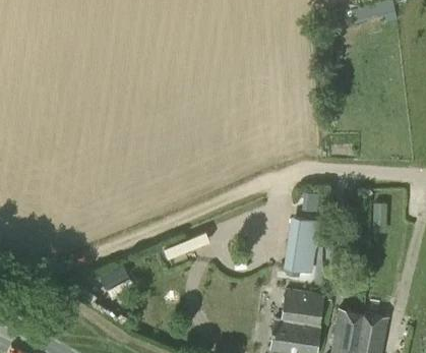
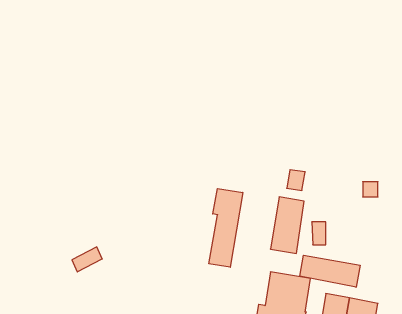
building: none -> [209,189,243,267]
building: none -> [300,255,360,287]

